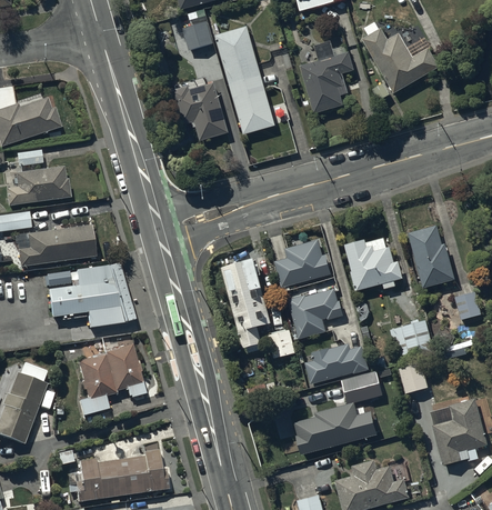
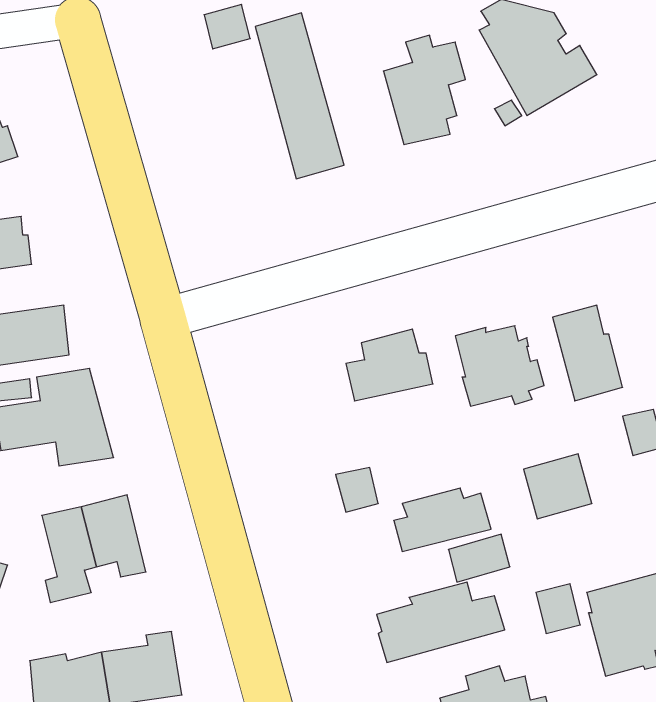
building: [173,81,229,139] -> none
building: [221,254,272,353] -> none
building: [290,288,344,338] -> none
building: [400,360,429,392] -> [536,584,580,633]

